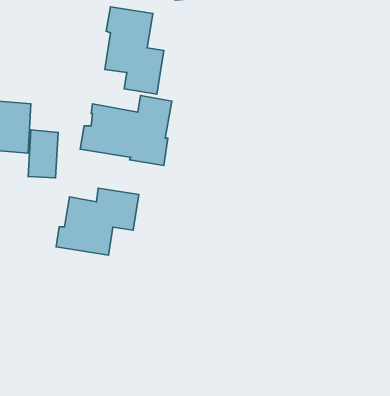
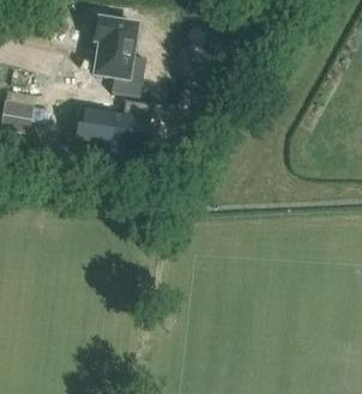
building: [56,188,139,255] -> none

